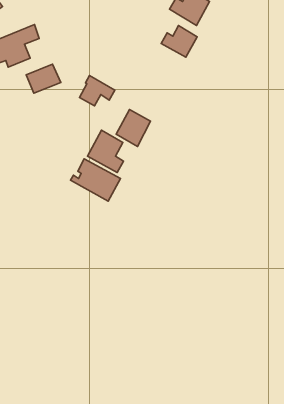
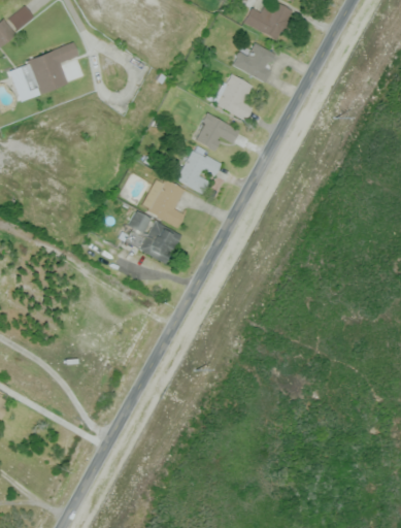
building: none -> [211,72,253,122]
building: [26,64,61,93] -> none
building: [80,76,115,106] -> [195,112,239,151]

